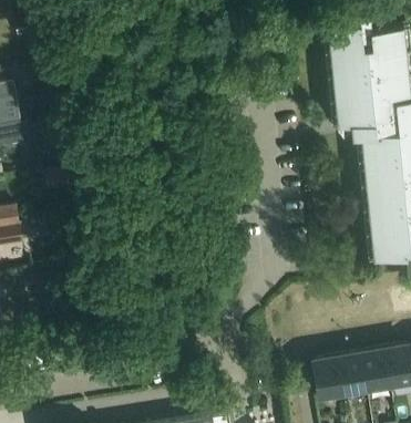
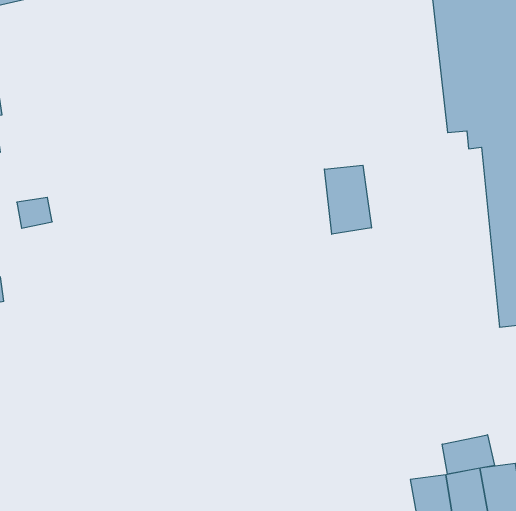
building: none -> [324,165,371,234]
building: none -> [442,435,495,474]

